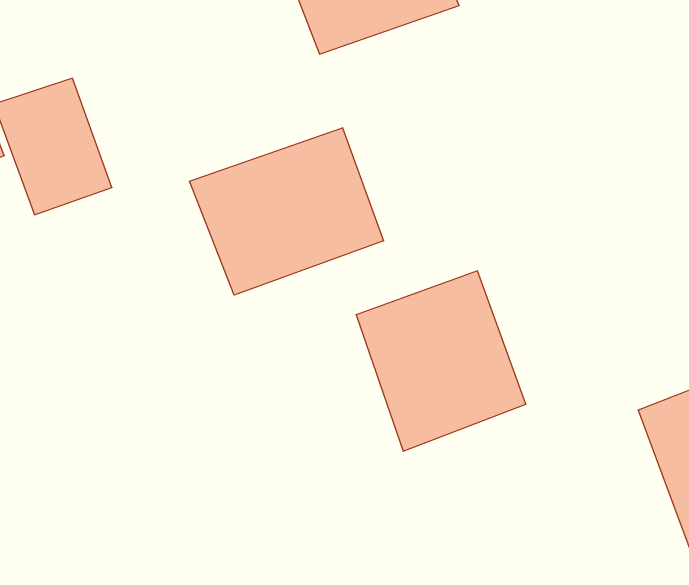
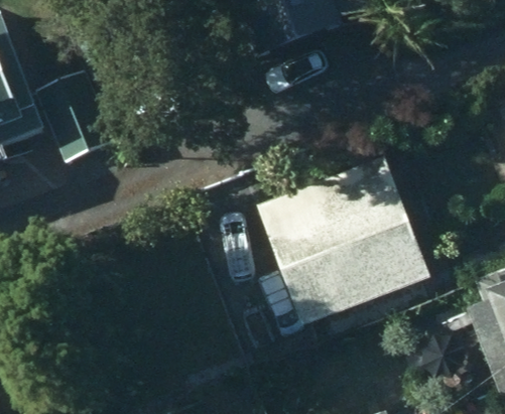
building: [190,128,384,295] -> none

